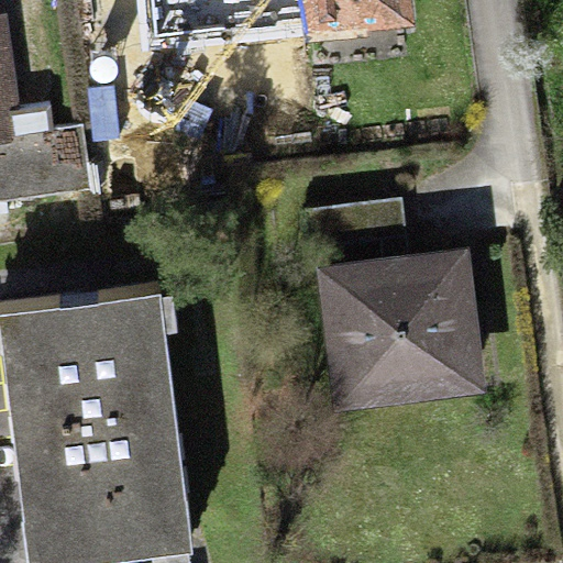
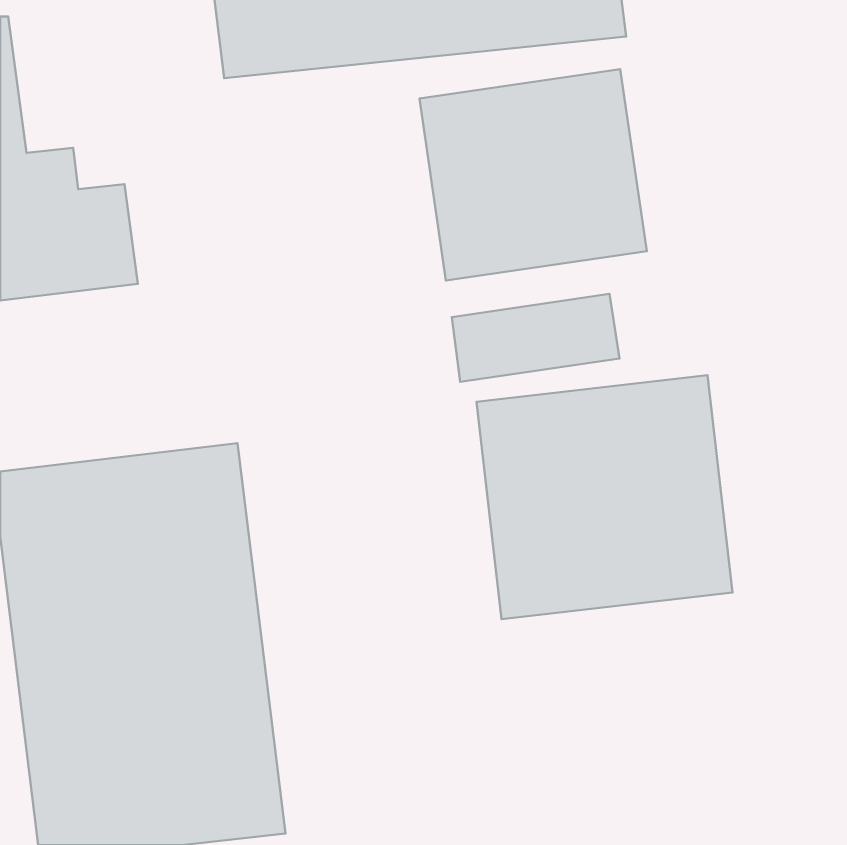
building: none -> [419,69,647,280]

